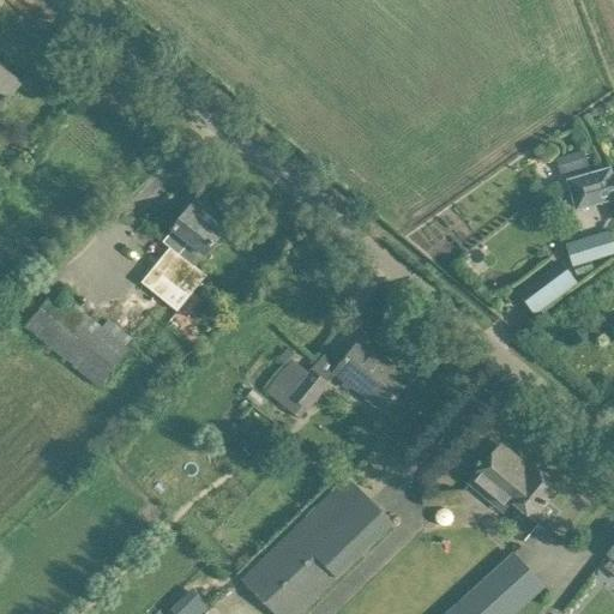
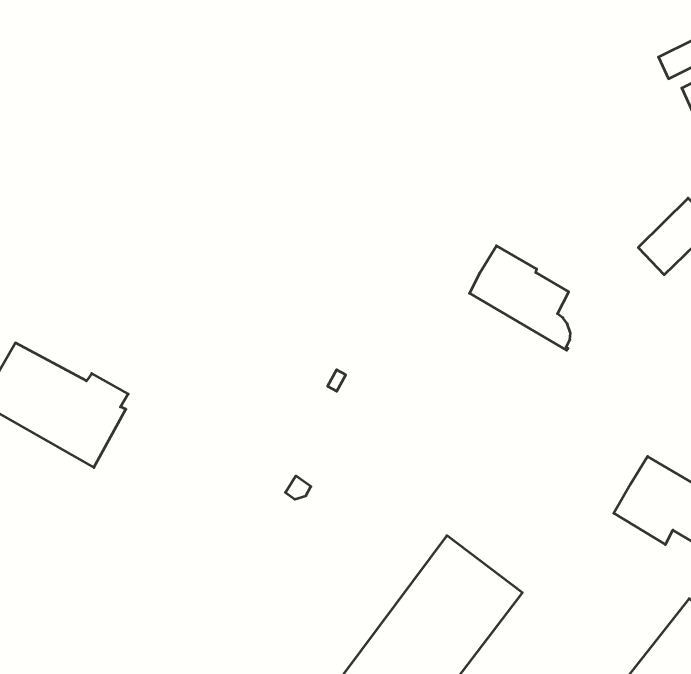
building: [142,199,228,312] -> none
building: [335,341,407,425] -> [469,246,570,350]
building: [269,360,327,414] -> none

